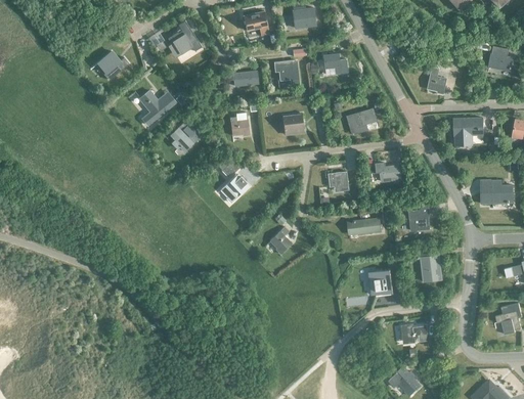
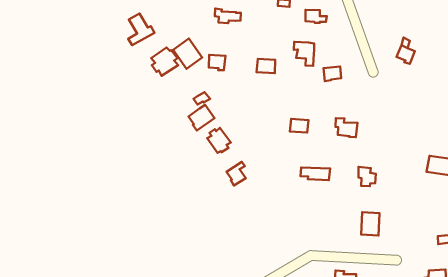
building: [274,60,299,85] -> [294,42,314,66]
building: none -> [173,39,202,69]
building: [453,118,483,145] -> none
building: none -> [207,128,231,153]
building: [368,269,393,296] -> none

